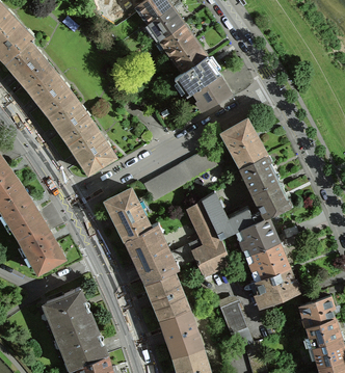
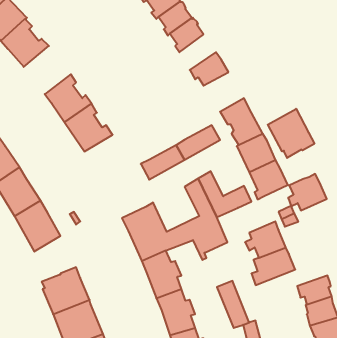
building: [175,56,218,96] -> none
building: [27,68,74,115] -> none
building: none -> [268,109,314,158]
building: [105,188,149,239] -> none
building: [239,217,277,254] -> [288,174,327,210]

